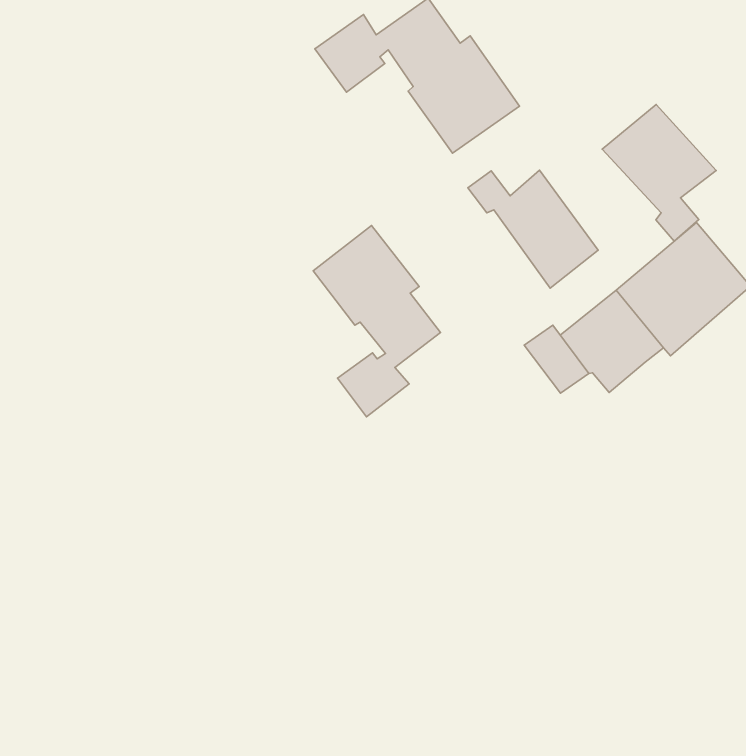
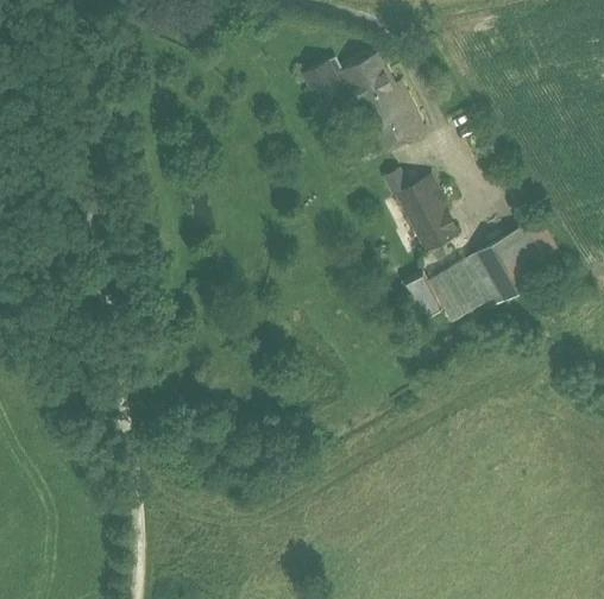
building: [602,104,716,241] -> none
building: [313,225,441,417] -> none

